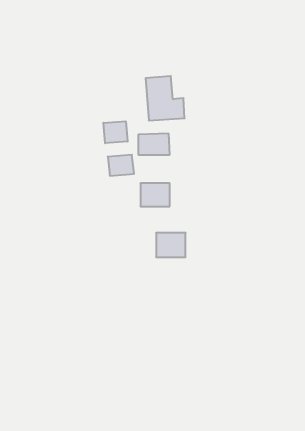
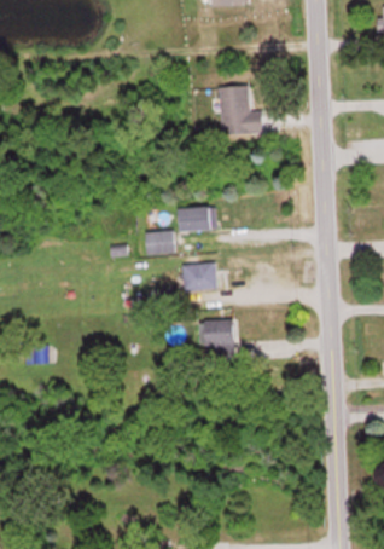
building: [146,76,185,120] -> [219,85,263,135]
building: [103,121,128,143] -> none

